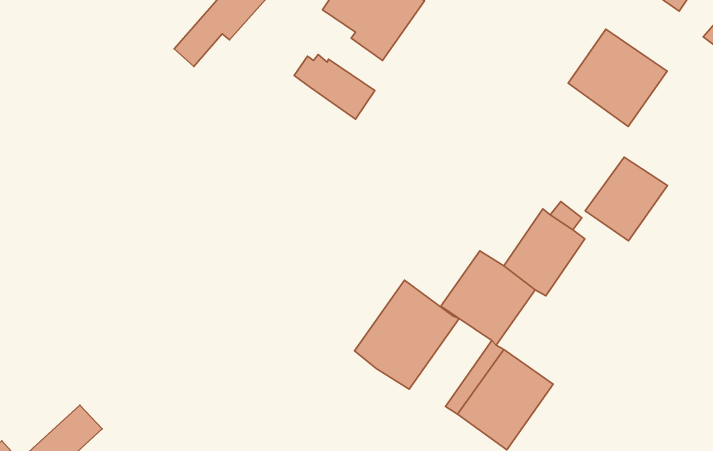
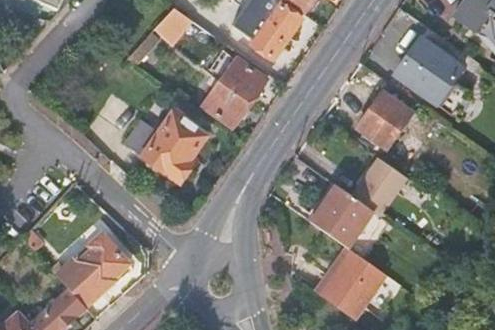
building: none -> [202,76,253,126]
building: none -> [127,111,205,182]
building: [585,157,668,241] -> [356,92,411,148]
building: [355,280,459,389] -> none
building: none -> [57,235,128,306]

